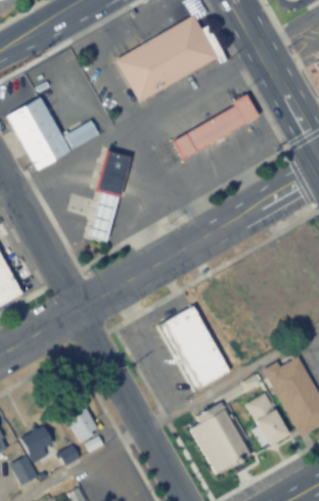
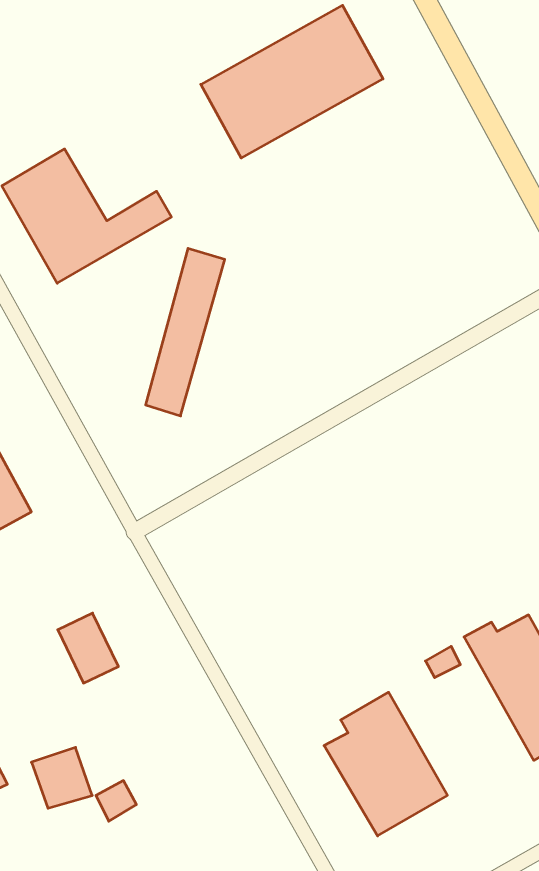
building: [174,95,259,157] -> none
building: [157,304,232,391] -> none
building: [245,391,291,445] -> none
building: [64,404,98,443] -> [58,613,118,683]
building: [10,458,37,487] -> none

